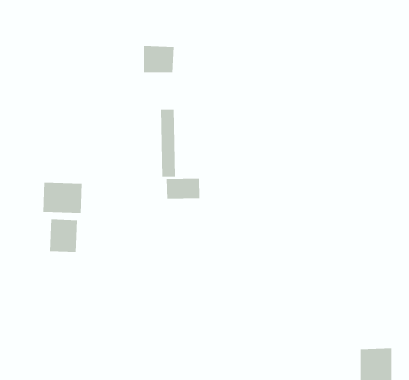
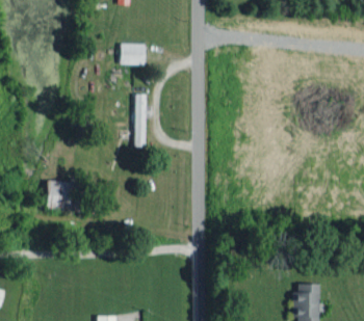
building: [166,178,200,200] -> none
building: [43,182,82,214] -> none

